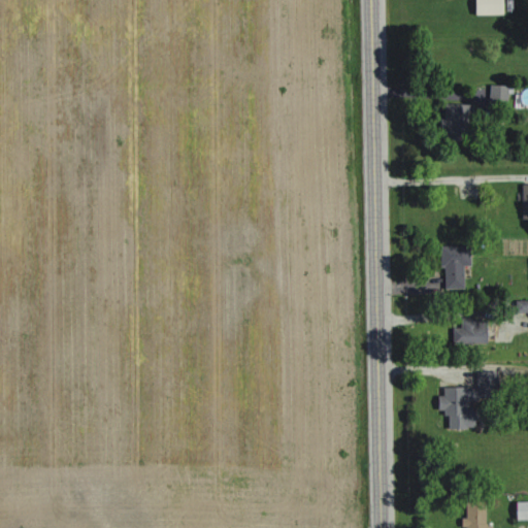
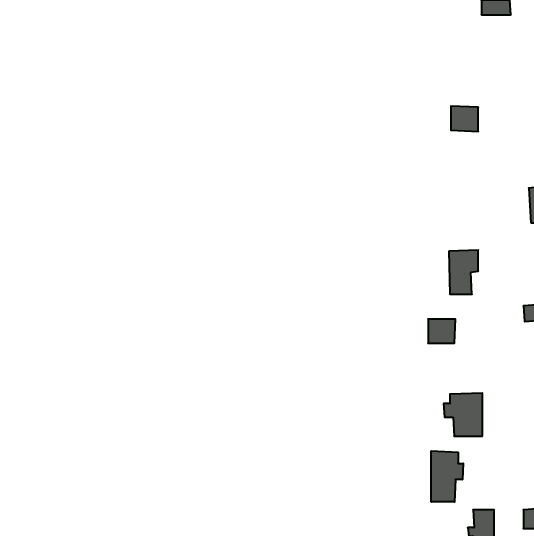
building: [489,85,512,107] -> none
building: [462,320,489,343] -> [428,319,455,343]
building: none -> [431,451,463,502]

